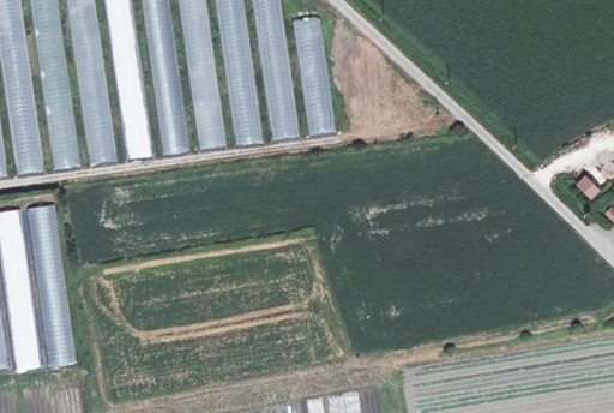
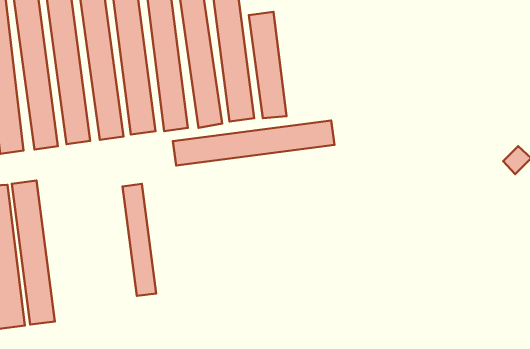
building: none -> [173,120,334,165]
building: none -> [123,184,156,296]

